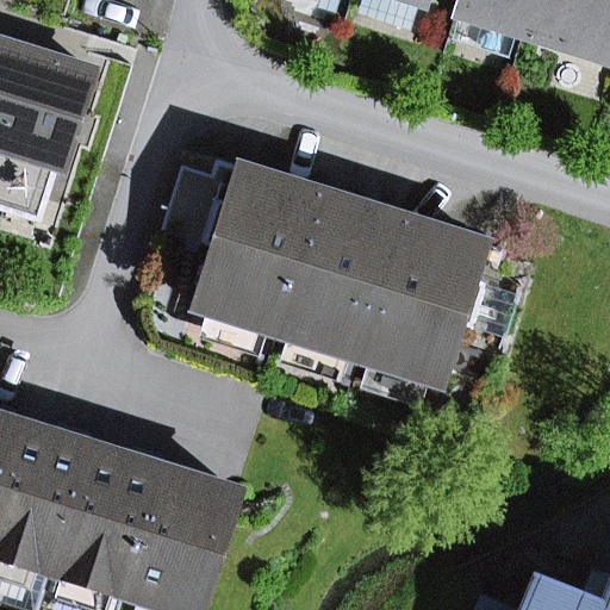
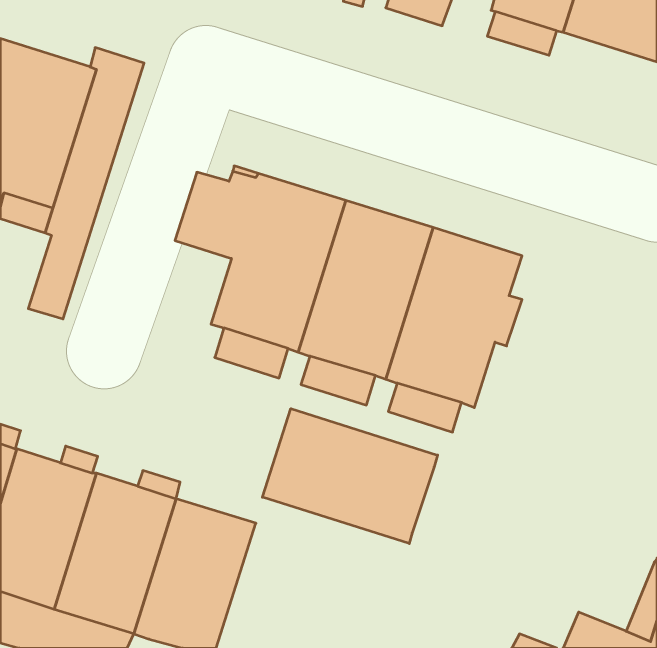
building: none -> [262,409,438,544]

